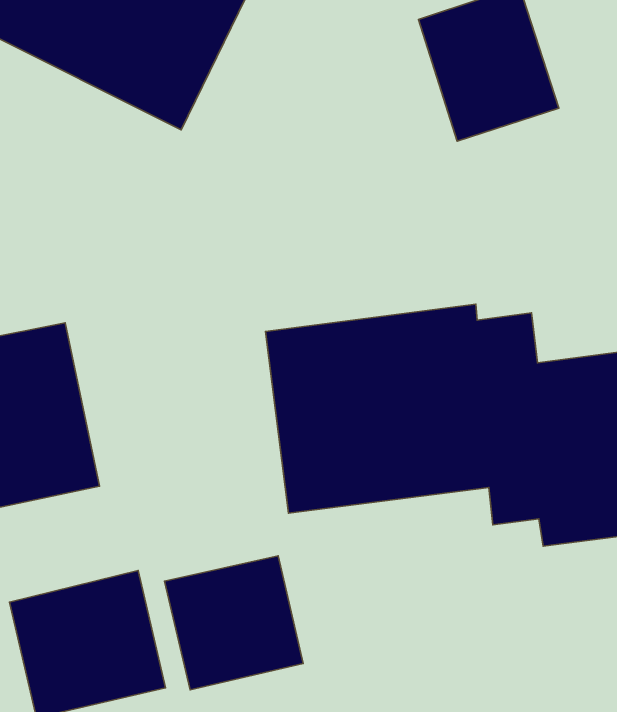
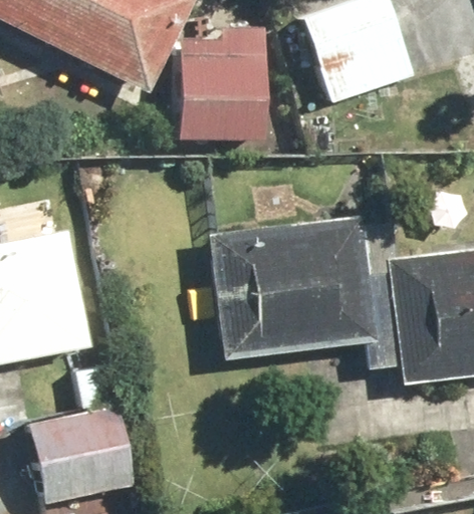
building: none -> [177,23,262,144]
building: [165,556,303,690] -> none

